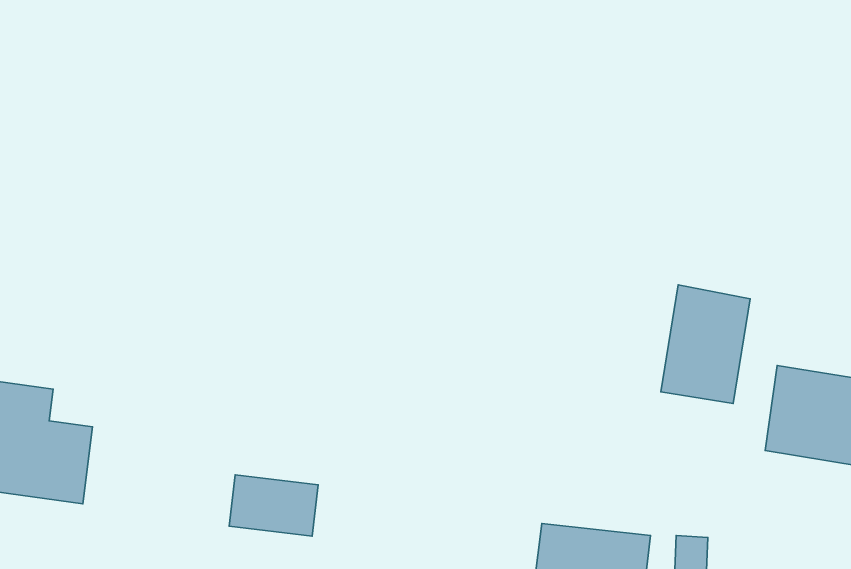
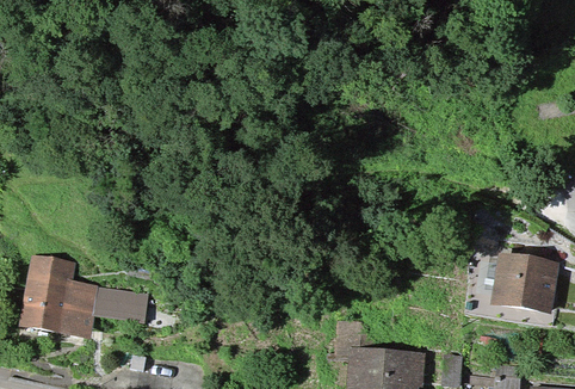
building: [661,285,750,404] -> none
building: [229,475,318,536] -> [92,285,146,322]

